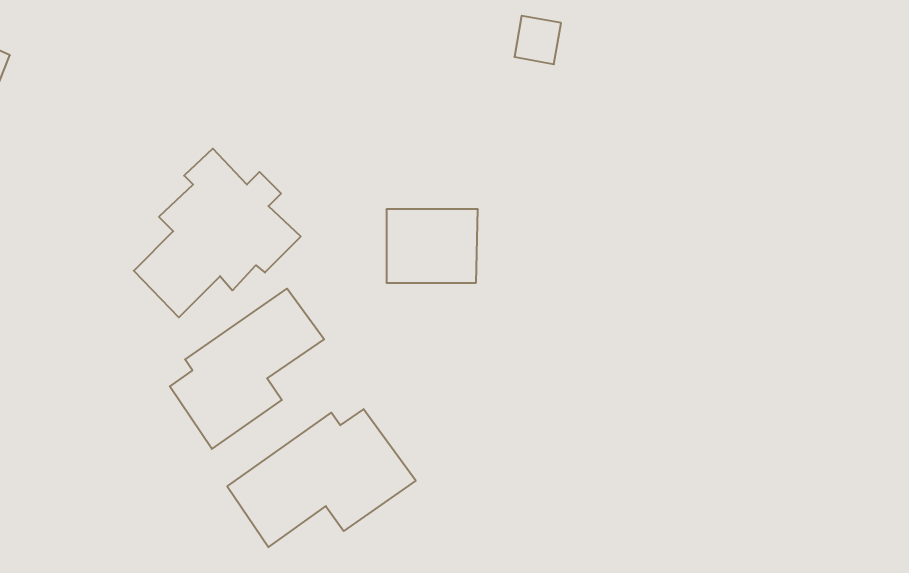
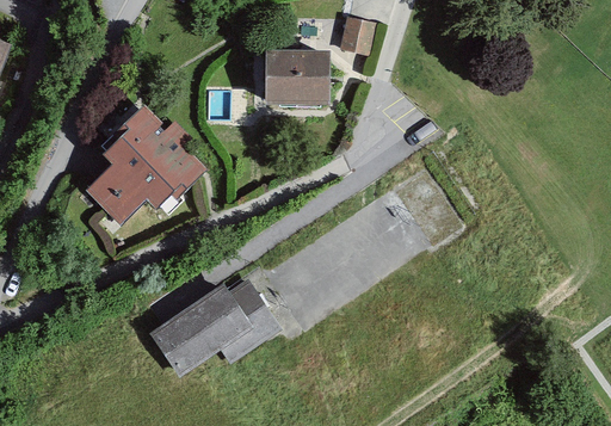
building: [386,209,478,283] -> [266,53,327,101]
building: [170,289,324,449] -> none

